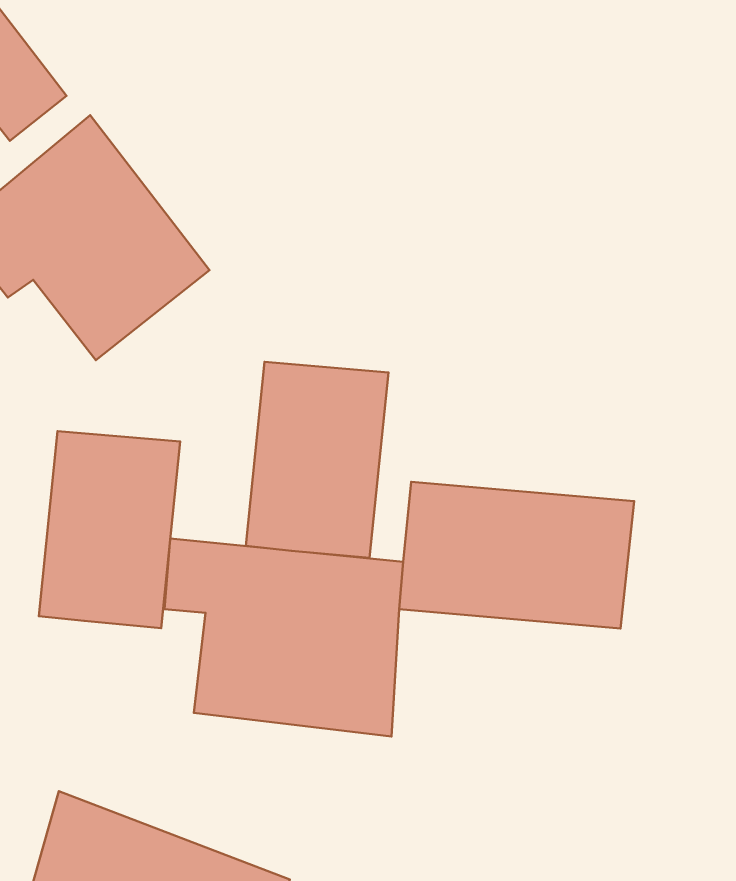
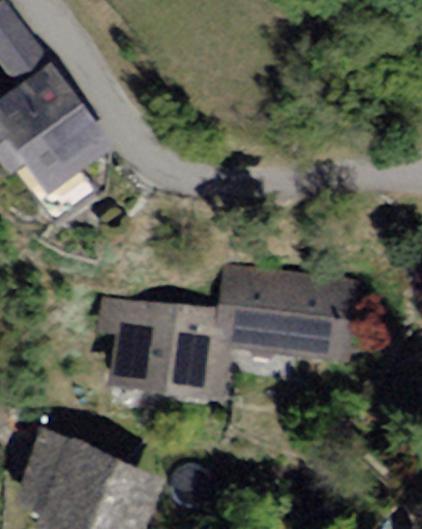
building: [246,362,388,558] -> none
building: [39,431,180,628] -> none

